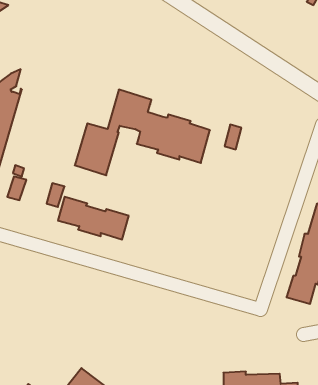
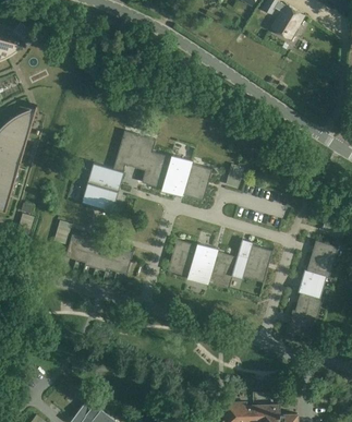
building: none -> [167,239,271,288]

